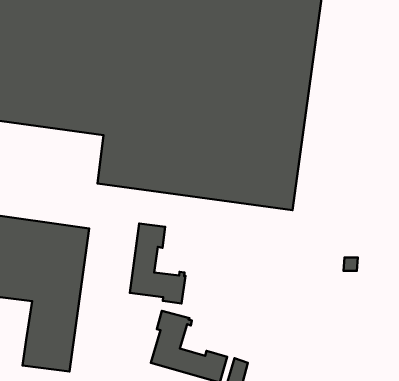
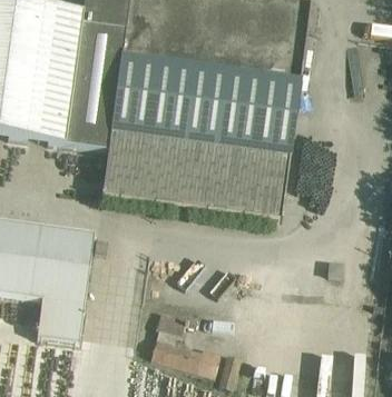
building: [130,224,186,304] -> none

